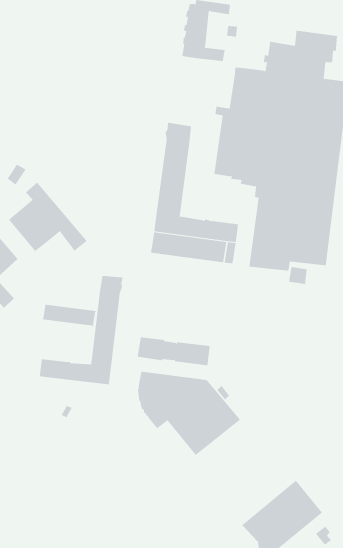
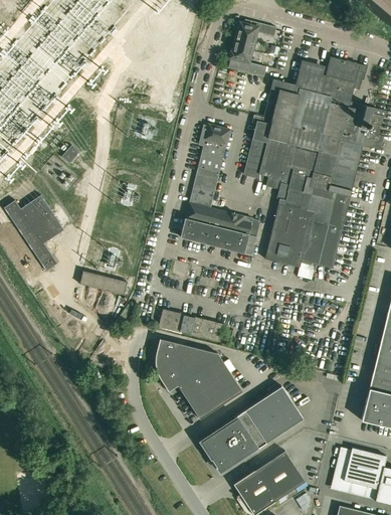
building: [8,182,88,252] -> none
building: [39,275,123,385] -> none
building: none -> [199,385,303,471]

